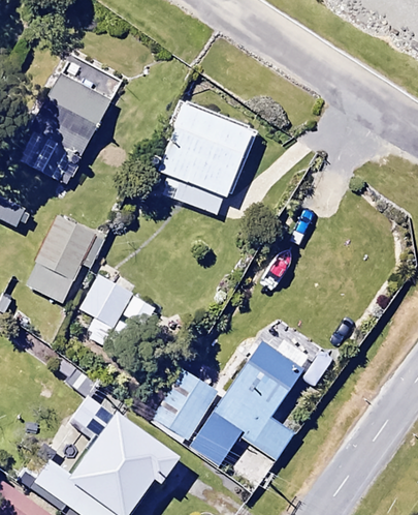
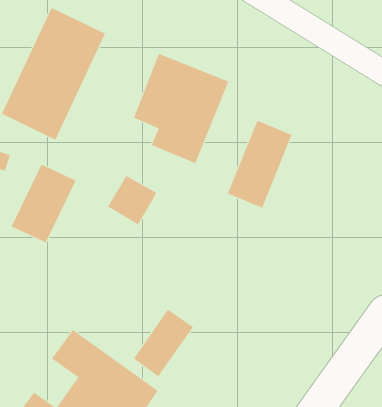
building: none -> [227,120,292,208]
building: [79,274,132,327] -> [107,175,157,225]
building: [188,321,318,469] -> none

